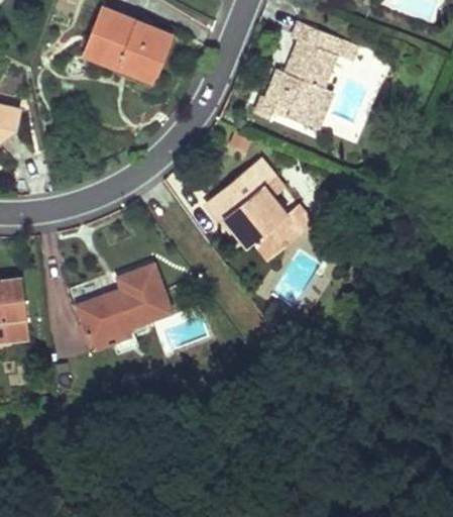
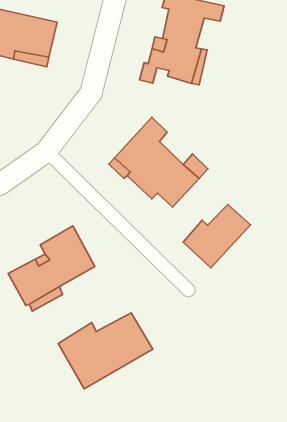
building: none -> [183,204,251,268]
building: none -> [58,313,153,389]

